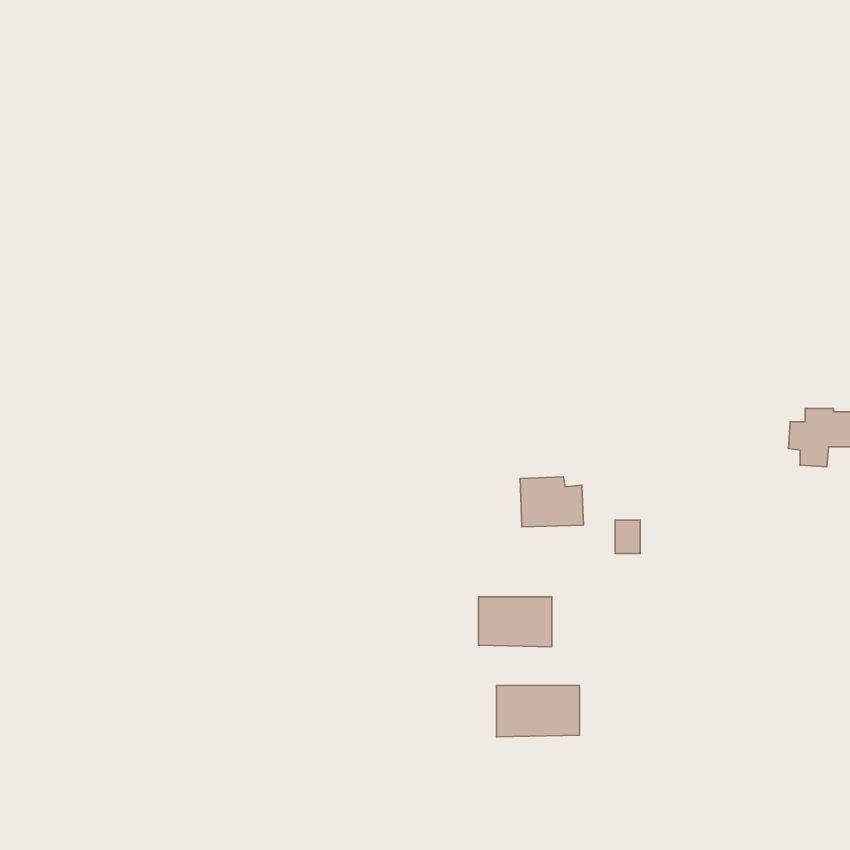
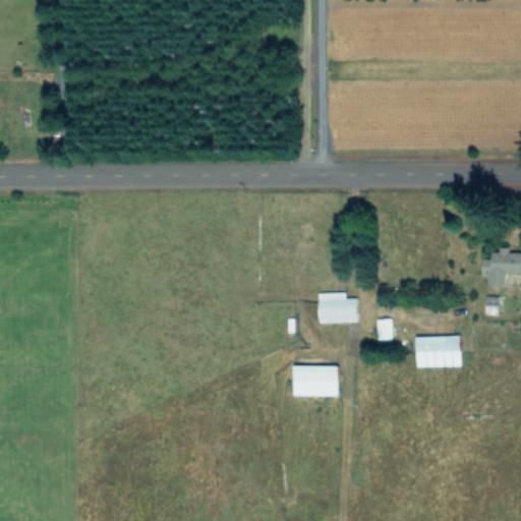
building: none -> [415,336,461,366]
building: [497,685,579,737] -> none

